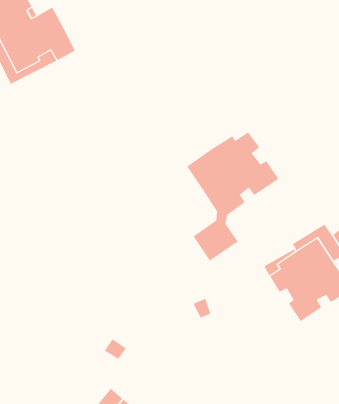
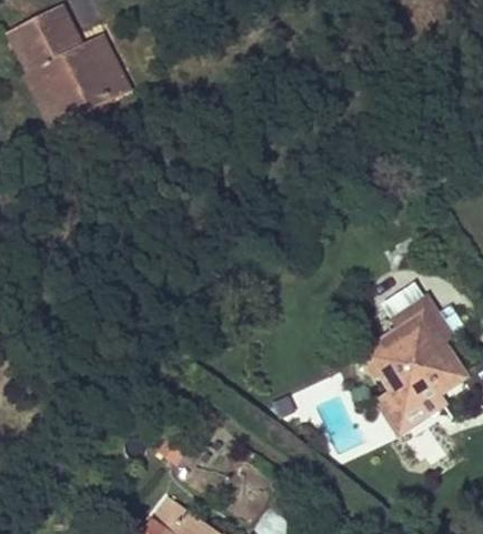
building: [186,131,279,262] -> none
building: none -> [380,385,444,432]

